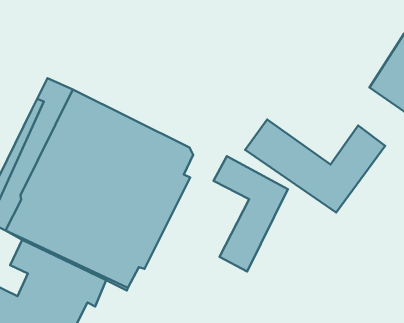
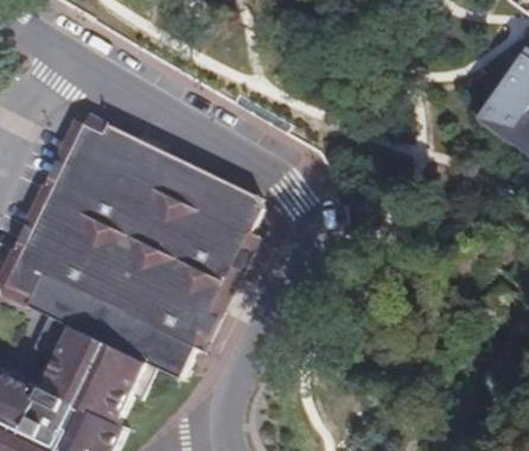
building: [245,119,385,213] -> none
building: [214,156,288,271] -> none

